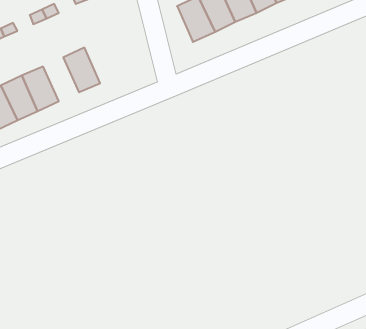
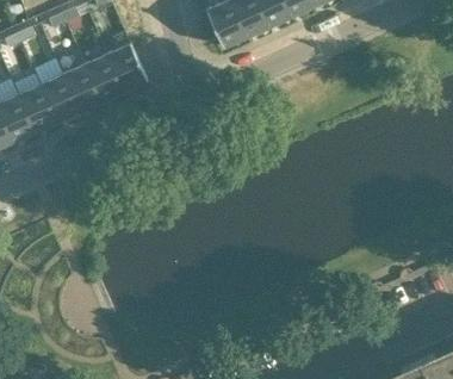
building: none -> [107,42,148,91]
building: none -> [63,63,101,110]

